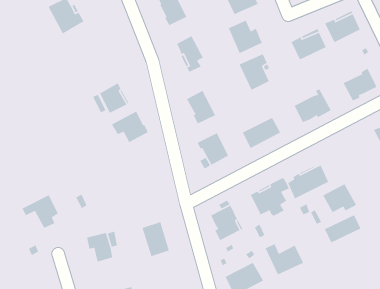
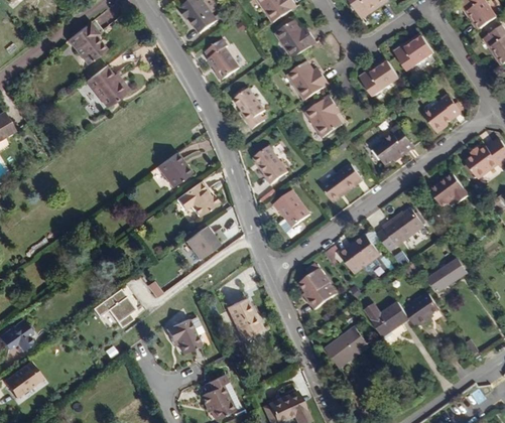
building: none -> [184,226,218,259]
building: [322,183,357,213] -> [429,172,470,207]
building: none -> [404,291,440,327]

